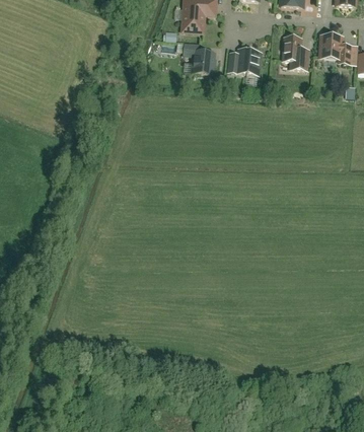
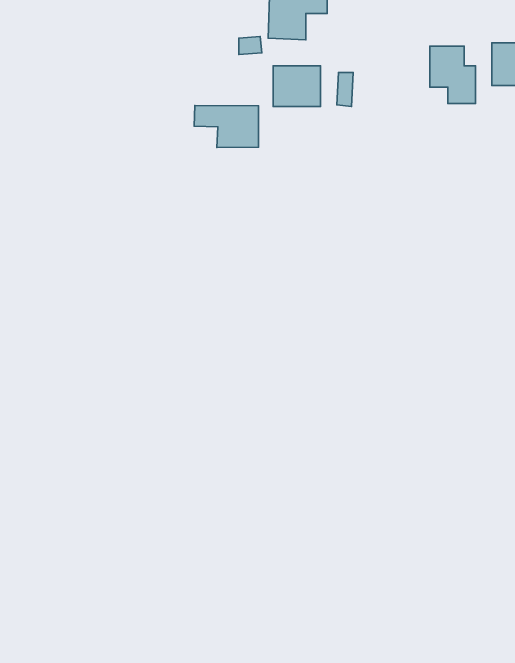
building: [237,45,265,73] -> none
building: none -> [194,106,259,147]

